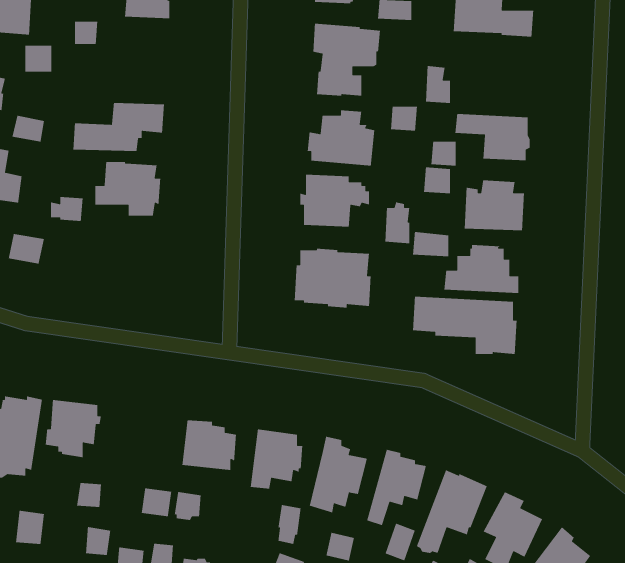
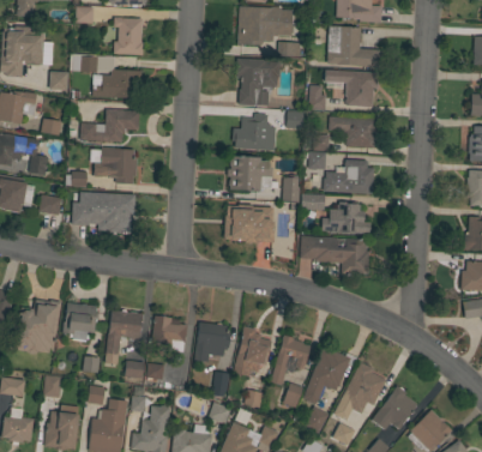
building: none -> [92,70,143,98]
building: none -> [332,71,379,107]
building: none -> [72,200,135,234]
building: none -> [106,309,143,364]

